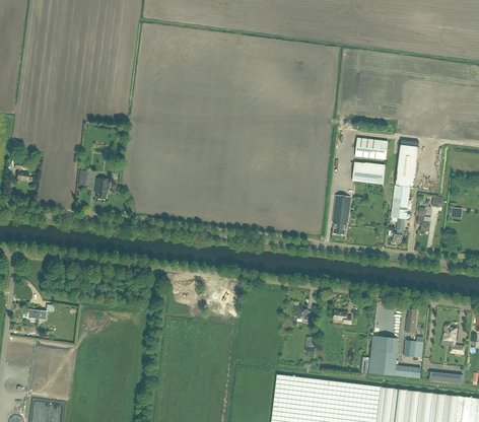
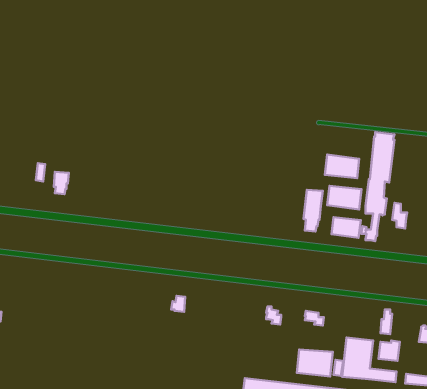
building: [354,138,387,160] -> [327,186,361,209]
building: none -> [331,217,361,238]
building: none -> [297,349,333,376]

